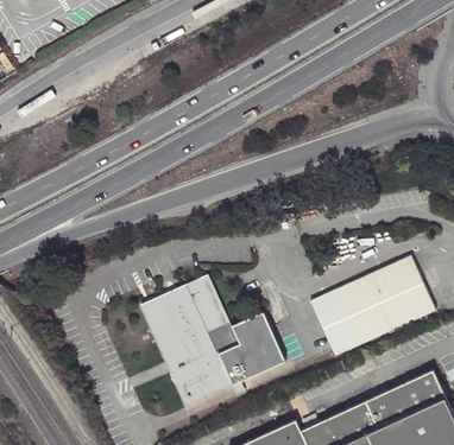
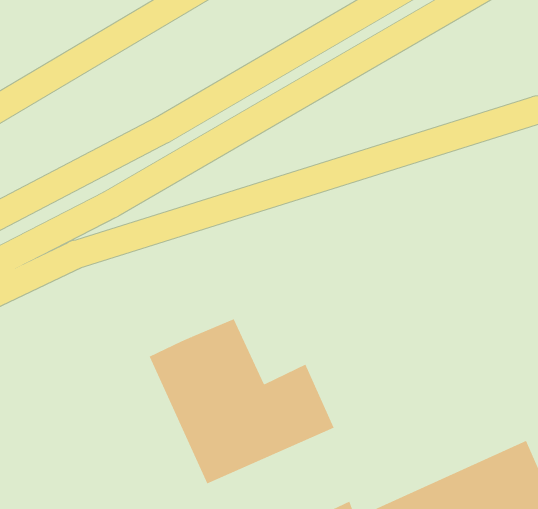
building: [308,256,435,355] -> none

